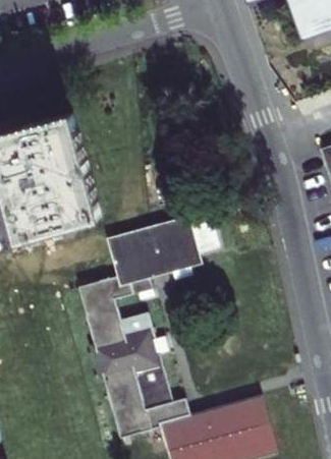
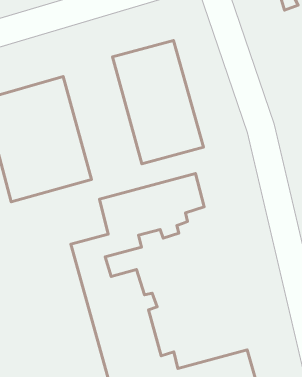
building: none -> [112,41,204,164]

